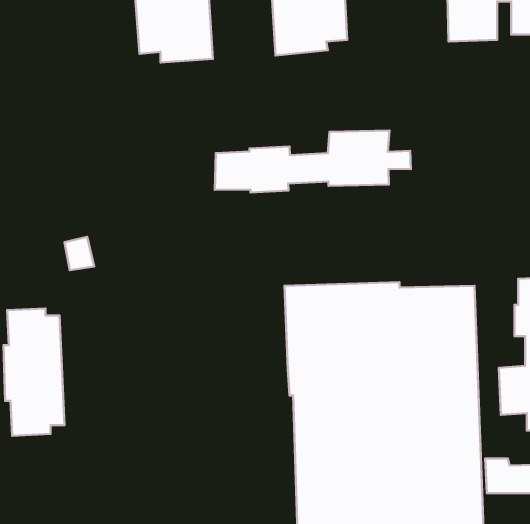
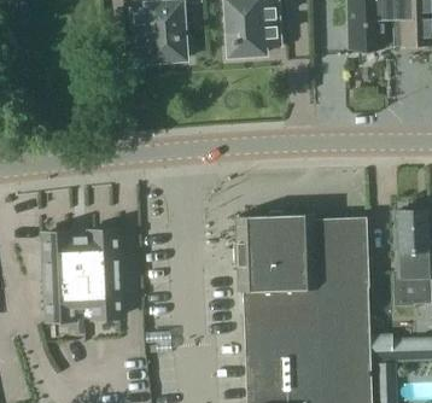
building: [215,130,411,192] -> none
building: none -> [81,229,123,319]

